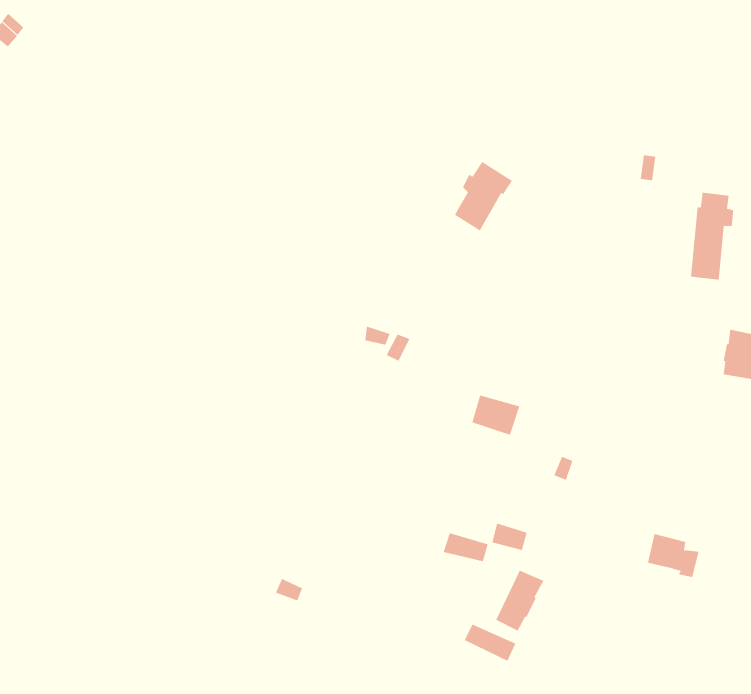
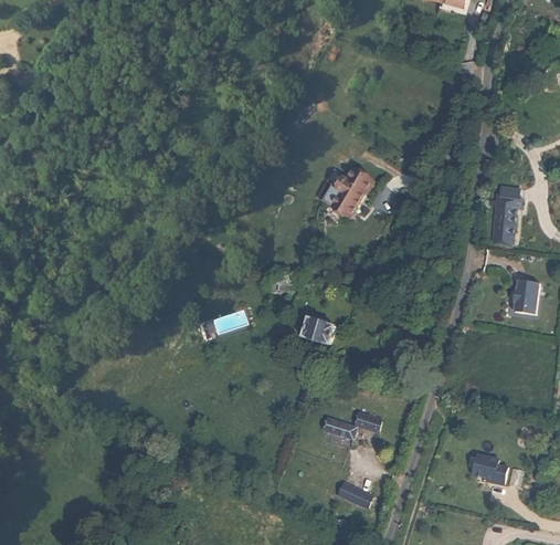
building: [471,395,520,436] -> [300,316,334,344]
building: [647,534,699,578] -> [471,452,506,482]
building: [495,570,544,632] -> none

